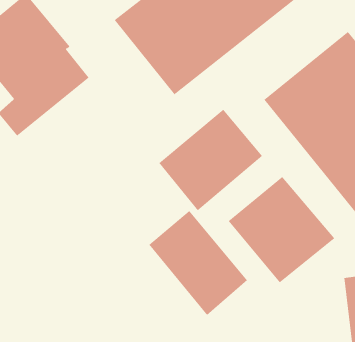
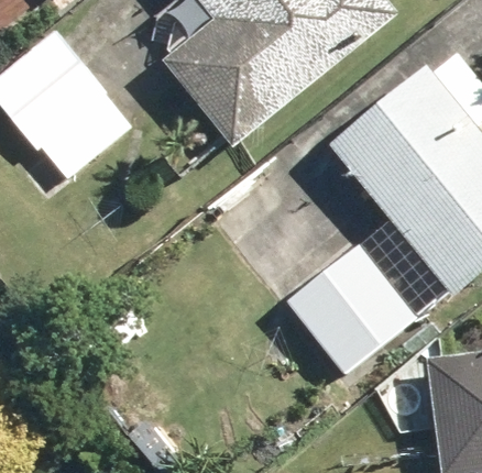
building: [159,109,263,211] -> none
building: [148,210,248,316] -> none

